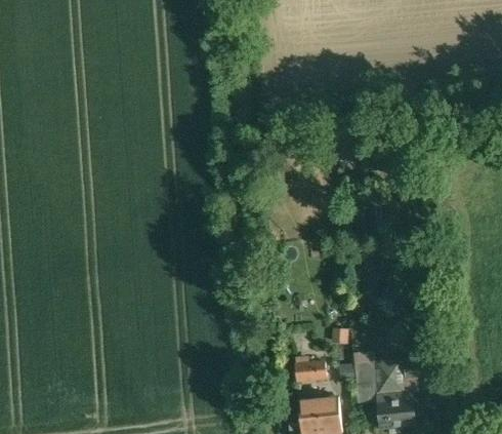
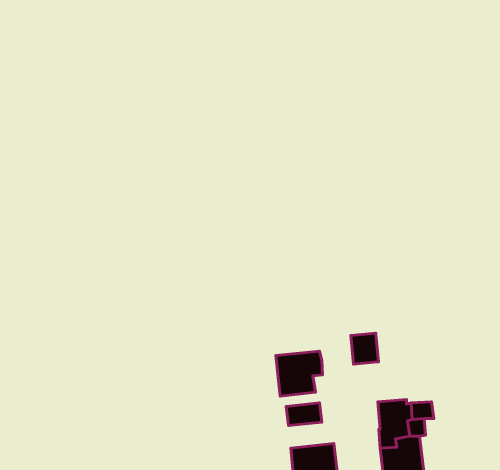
building: none -> [276,351,323,396]
building: [352,361,376,388] -> [351,333,378,364]

